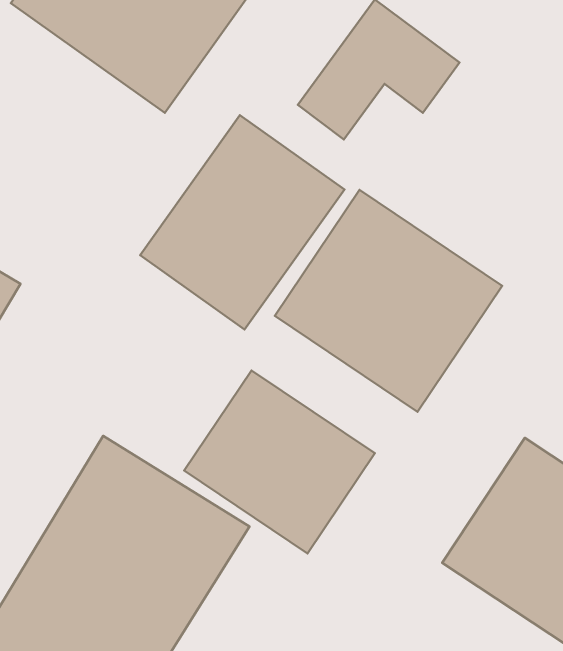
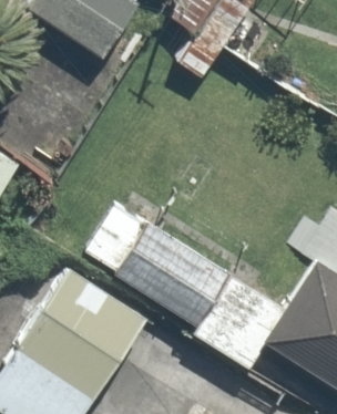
building: [140,115,344,330] -> none
building: [275,190,502,412] -> none

